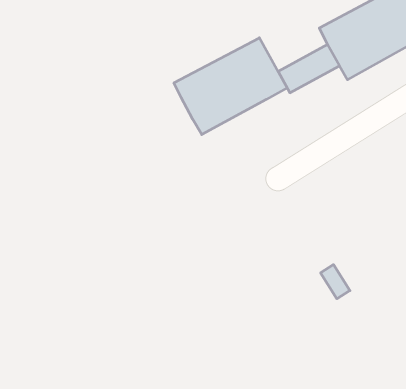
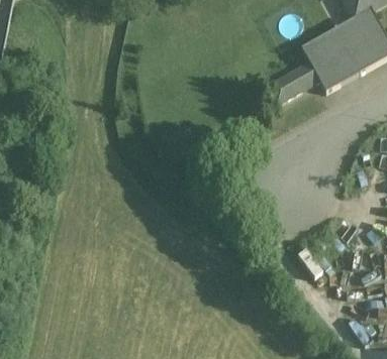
building: [174,38,287,135] -> none

